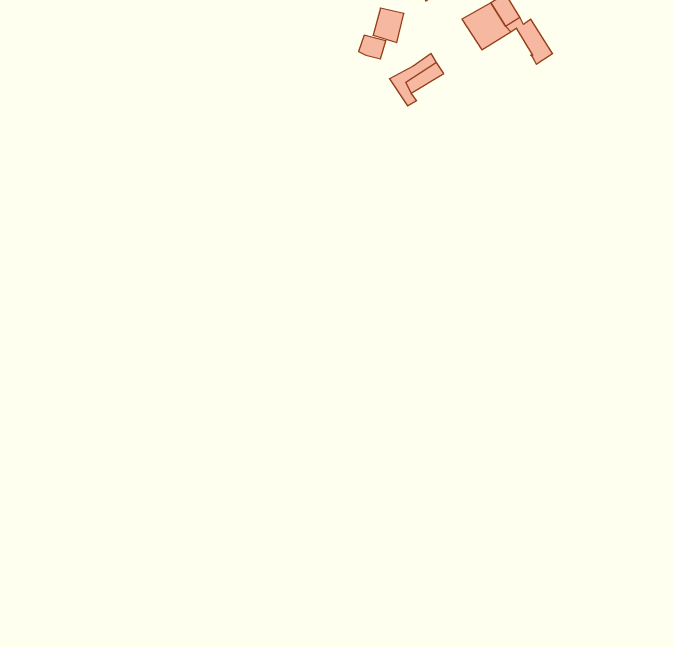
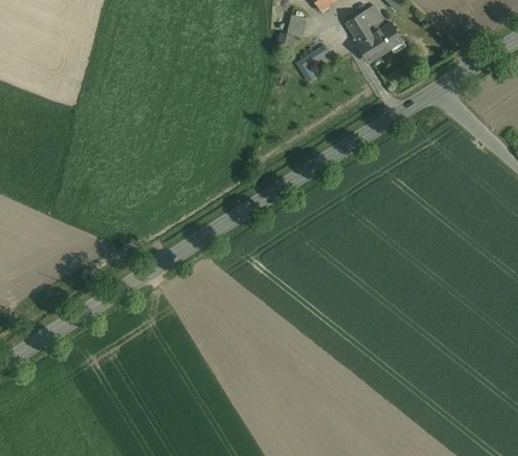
building: none -> [358,29,392,62]

